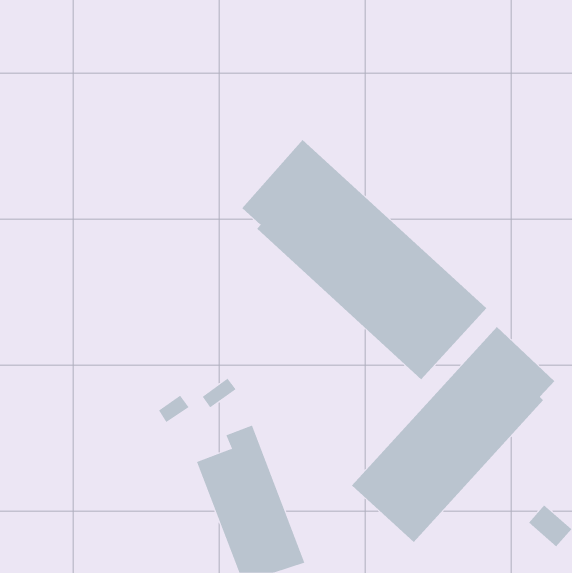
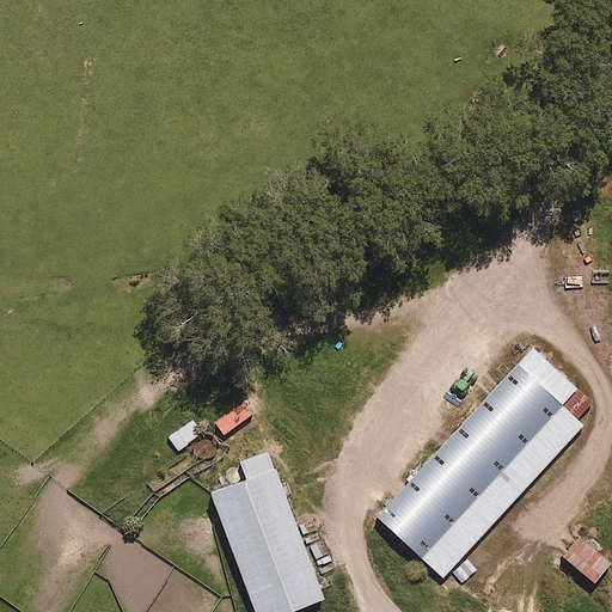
building: [241,139,487,380] -> none

